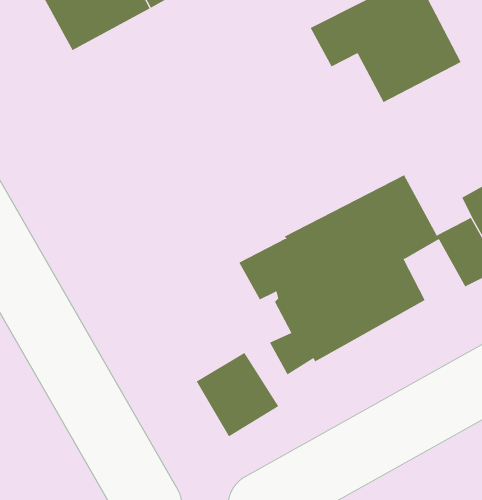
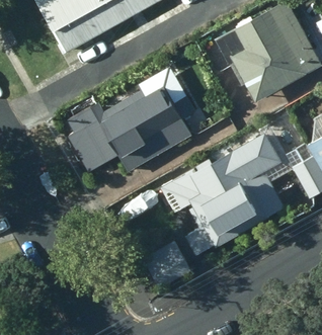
building: none -> [67,84,191,171]

